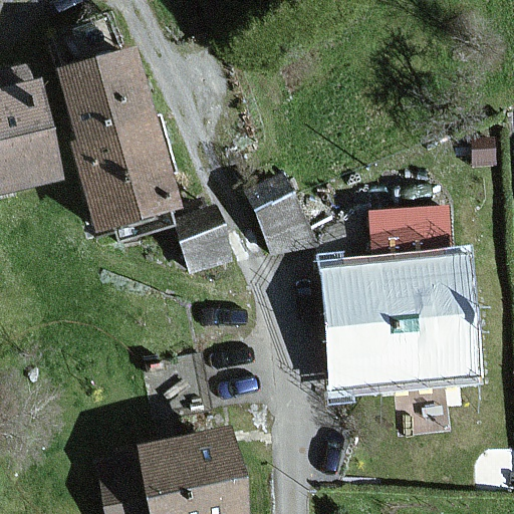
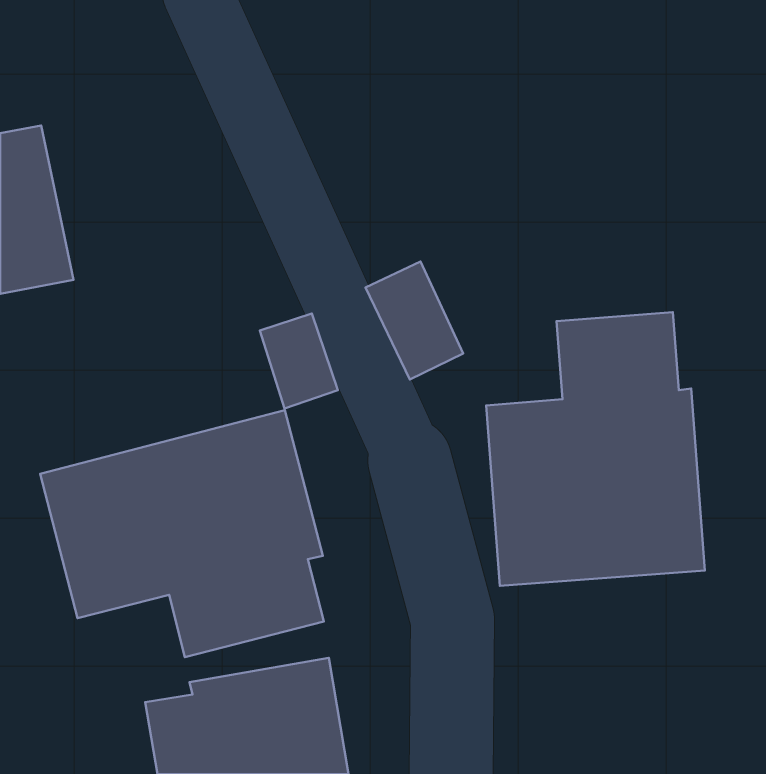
building: [58,51,174,225] -> none
building: none -> [40,410,324,657]

